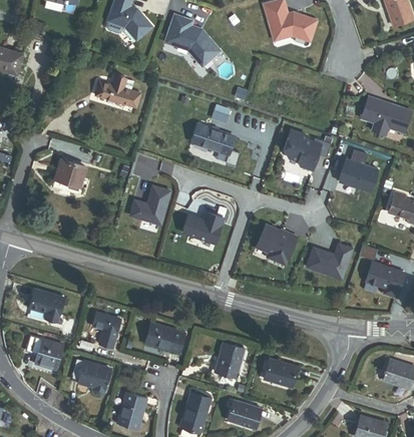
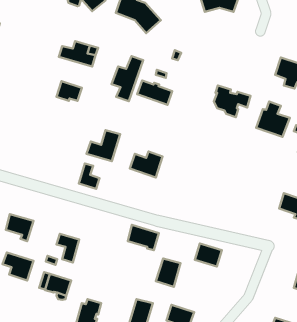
building: none -> [112,56,143,101]
building: [55,159,86,183] -> [56,81,82,101]
building: [256,225,297,265] -> none
building: none -> [79,164,99,189]
building: [307,244,353,279] -> none
building: [146,322,184,353] -> [128,225,159,250]
building: [264,359,297,387] -> [195,244,222,266]

